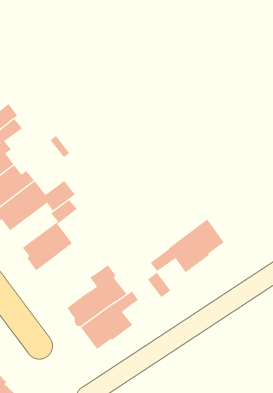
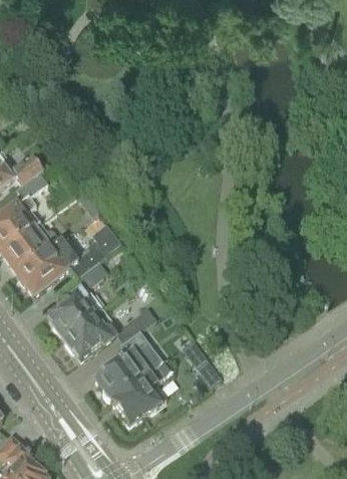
building: none -> [88,224,119,255]
building: [150,219,225,273] -> none
building: none -> [60,306,155,360]

